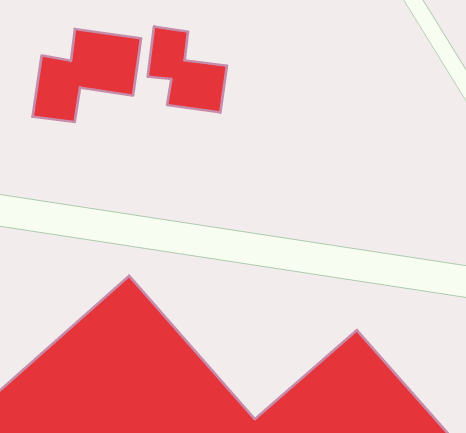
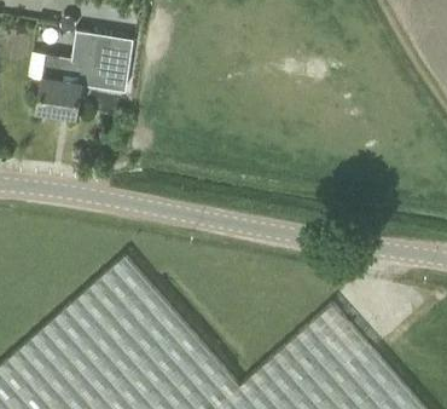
building: [148,26,227,113] -> none

